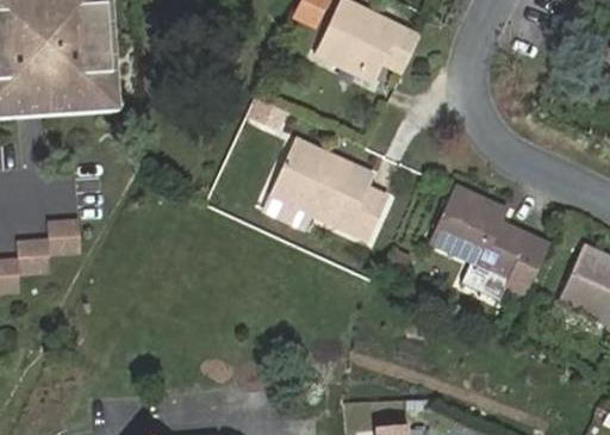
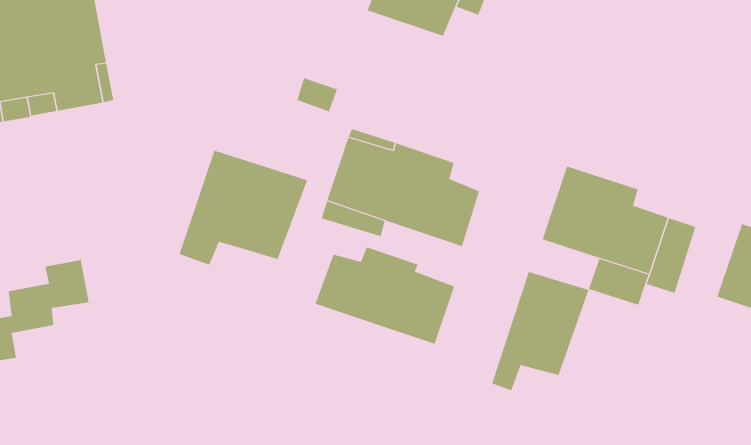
building: none -> [179,150,308,266]
building: none -> [315,247,455,344]
building: none -> [492,271,589,391]

